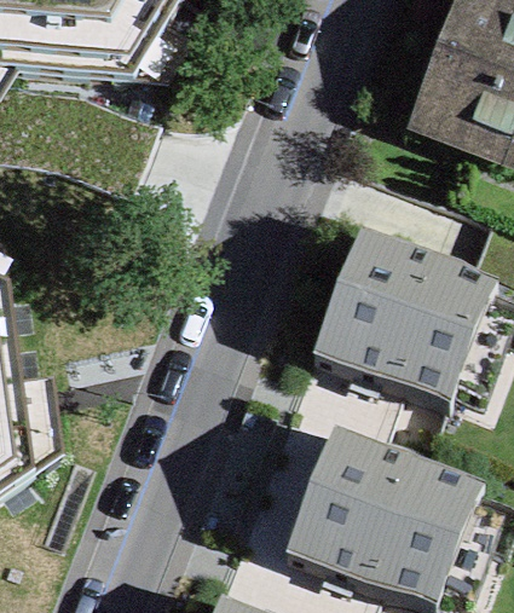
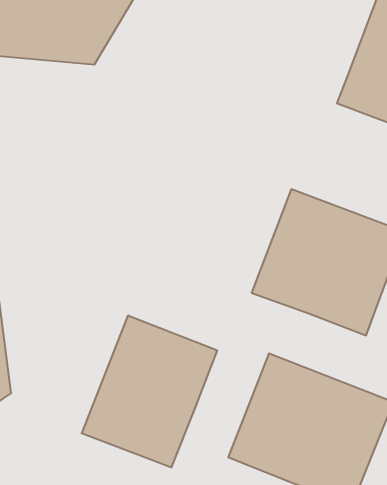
building: none -> [82,315,217,467]

